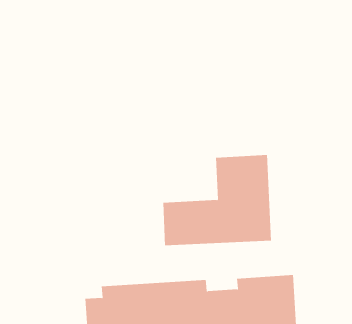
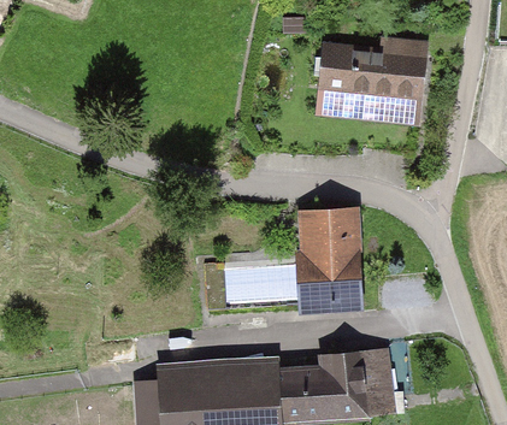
building: none -> [317,30,426,120]

